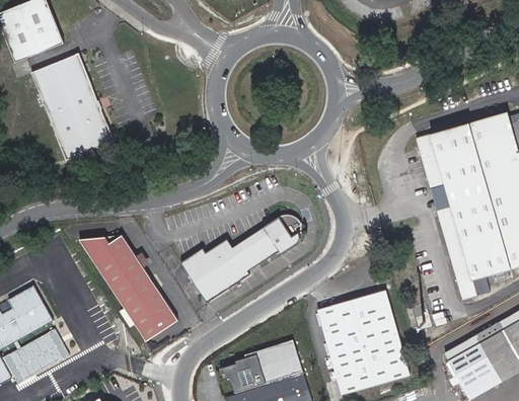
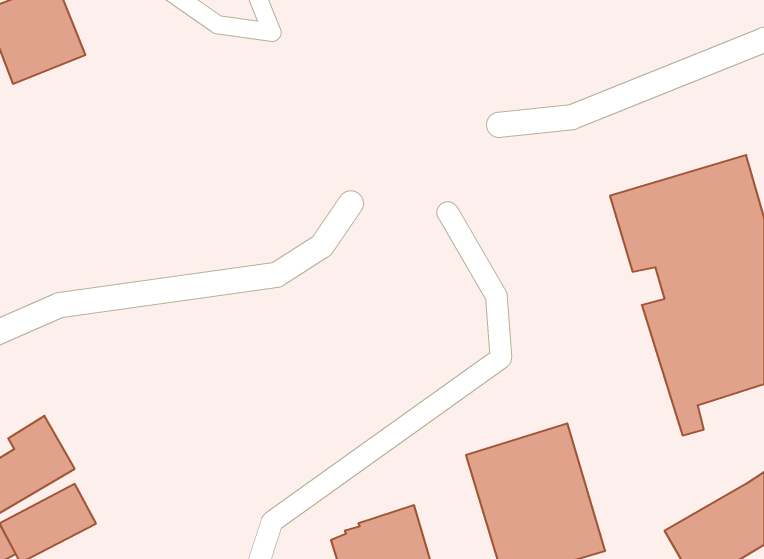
building: [31,54,113,160] -> none
building: [181,210,301,301] -> none
building: [81,234,179,342] -> none

